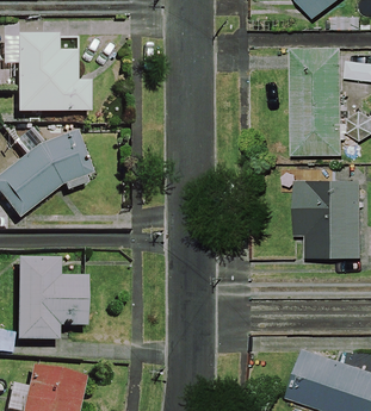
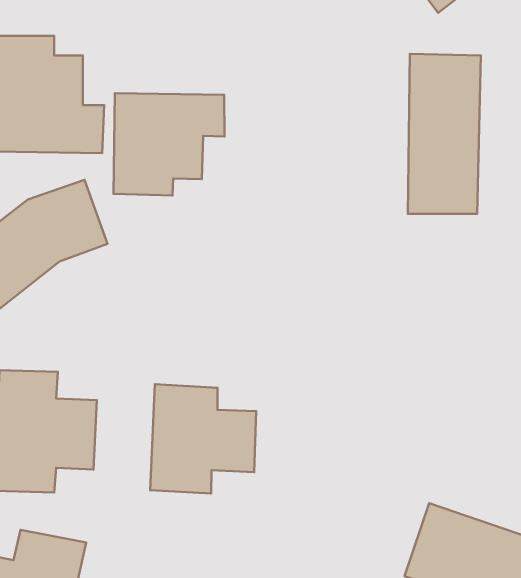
building: none -> [113,93,225,196]
building: [296,179,361,257] -> none
building: none -> [150,384,256,494]

